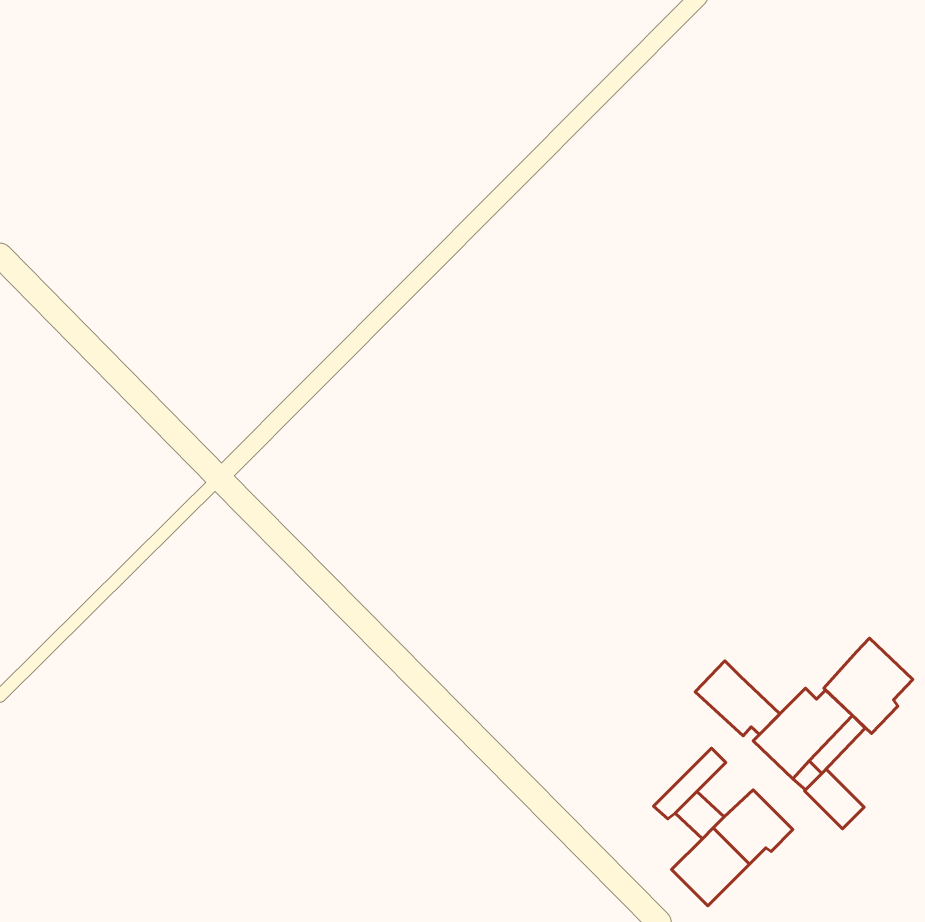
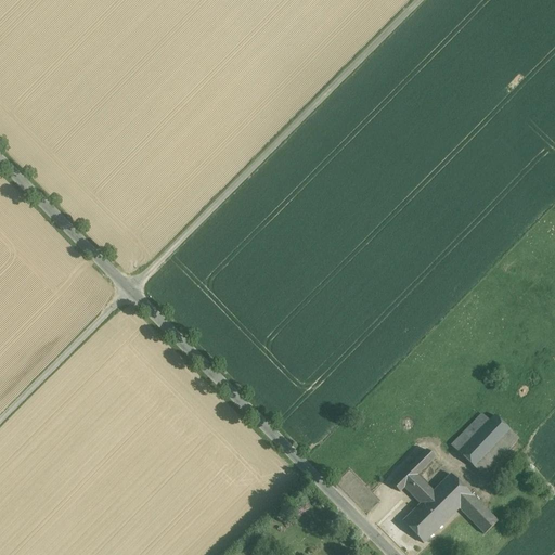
building: [824,638,913,734] -> none
building: [695,661,780,736] -> none
building: [804,769,864,829] -> [462,496,498,532]

